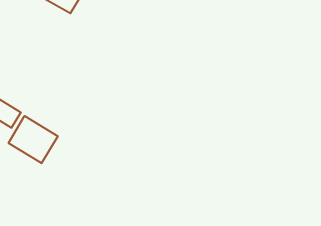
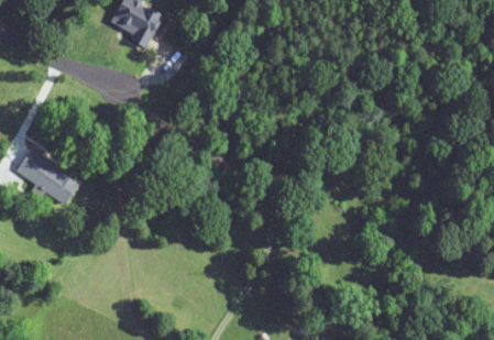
building: [9,116,58,163] -> none

